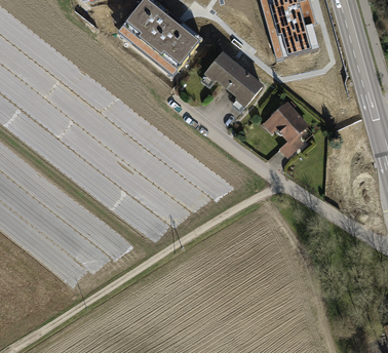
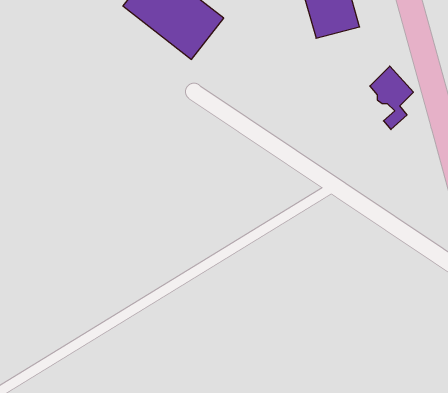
building: [210,52,265,104] -> none
building: [273,103,309,155] -> [370,66,413,130]

